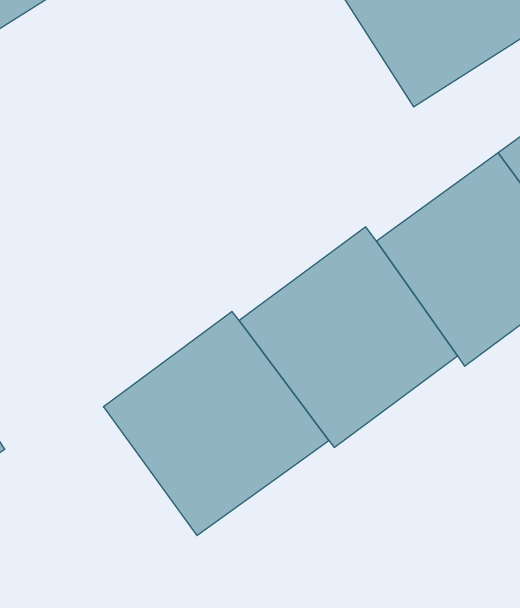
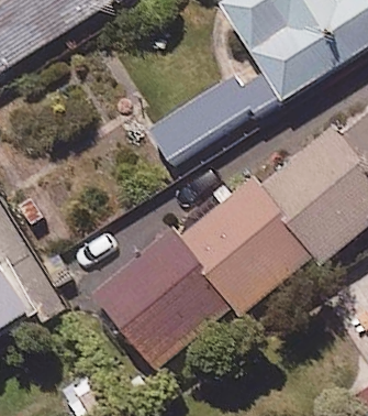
building: none -> [146,70,277,160]

